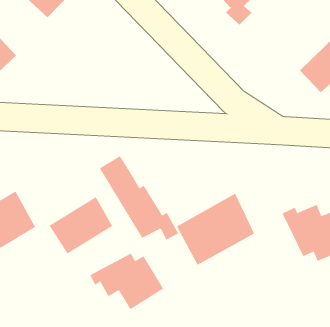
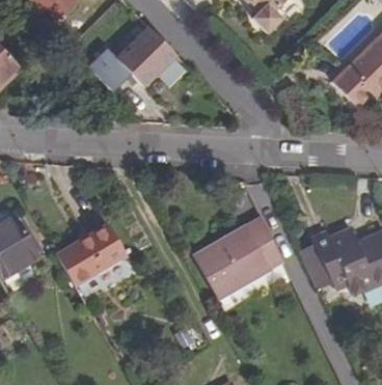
building: none -> [88,26,175,90]
building: [99,155,179,241] -> none
building: [89,252,164,310] -> none

